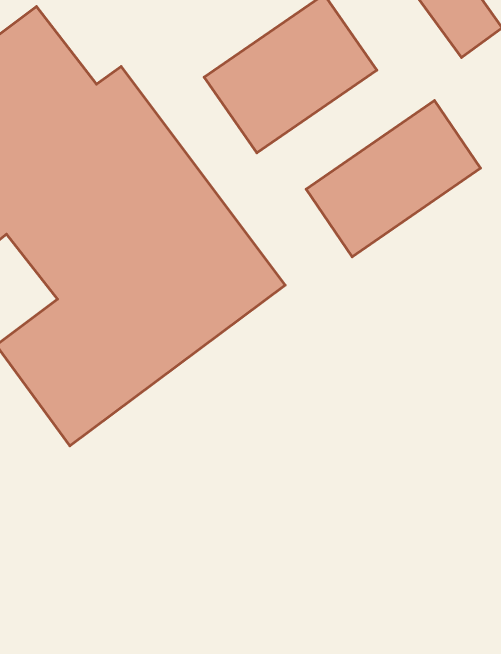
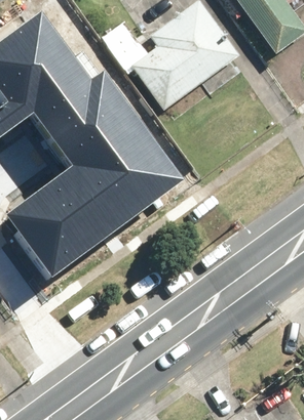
building: [306,100,481,257] -> none

